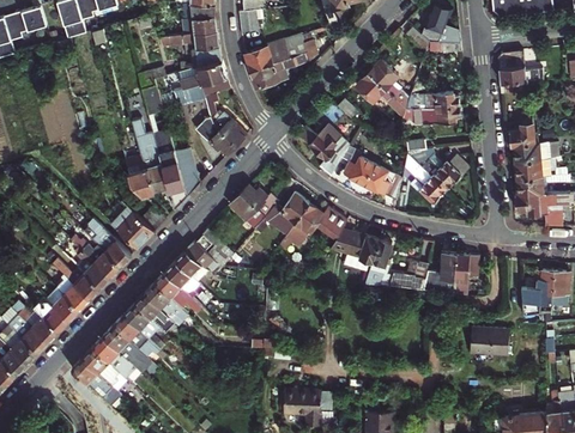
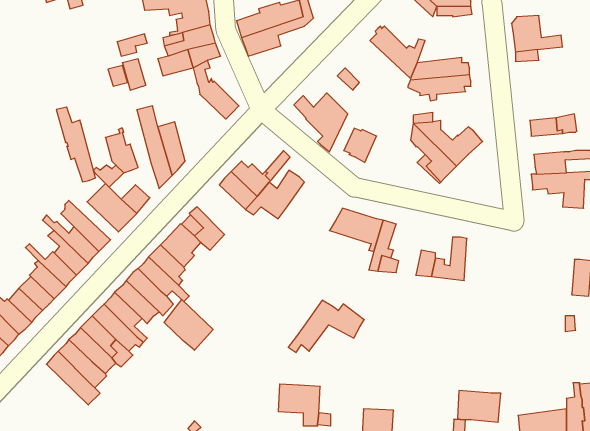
building: [356,74,405,116] -> none
building: [196,116,236,154] -> none
building: [508,120,538,147] -> none
building: [132,122,168,190] -> [56,107,96,182]
building: [515,158,550,178] -> none
building: [363,161,403,201] -> none
building: [277,203,346,251] -> [288,300,364,353]
building: [454,255,479,295] -> none
building: [522,273,555,315] -> none
building: none -> [164,299,213,350]
building: [471,328,510,356] -> [458,391,501,422]

